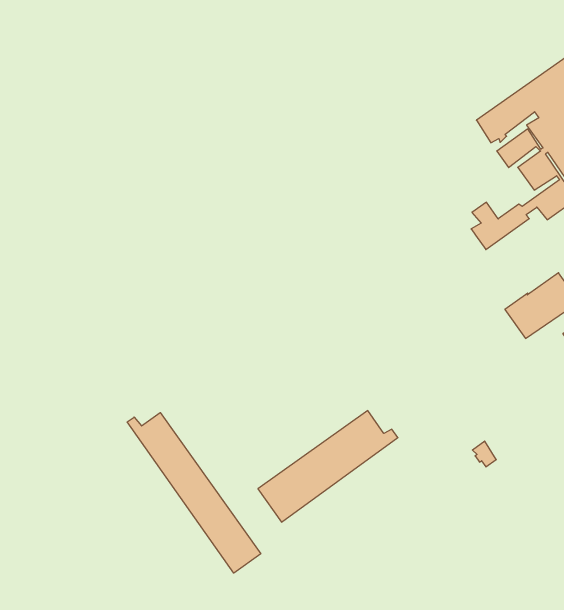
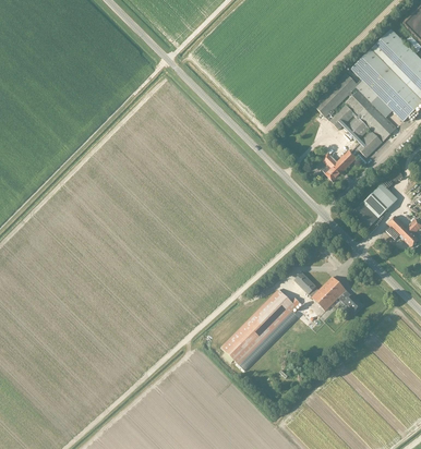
building: none -> [294,271,346,311]
building: [127,413,261,573] -> none

